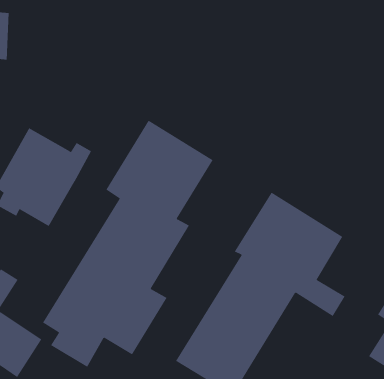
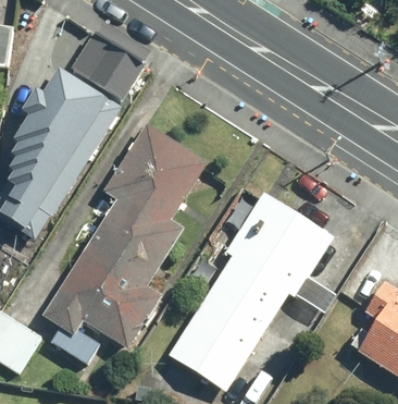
building: none -> [39,37,142,151]

